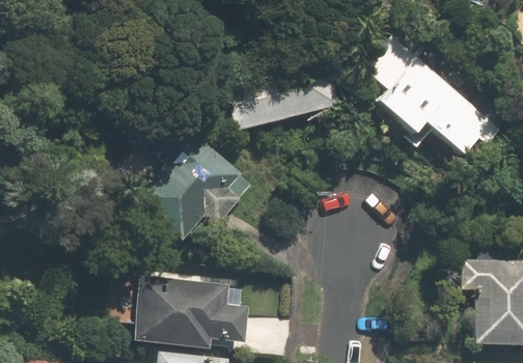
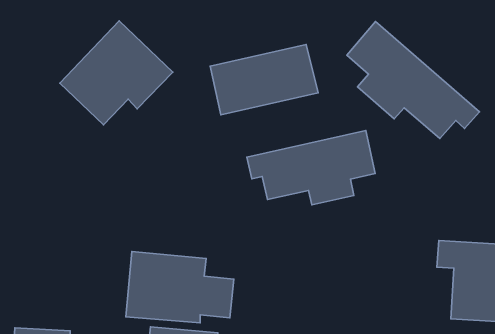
building: [135,132,253,241] -> [60,21,173,125]
building: none -> [247,130,375,205]

